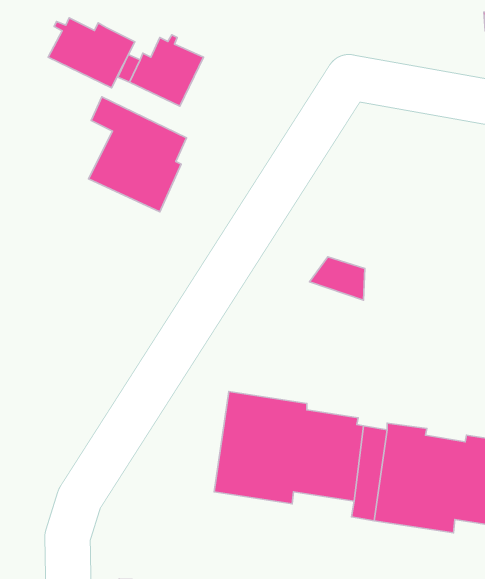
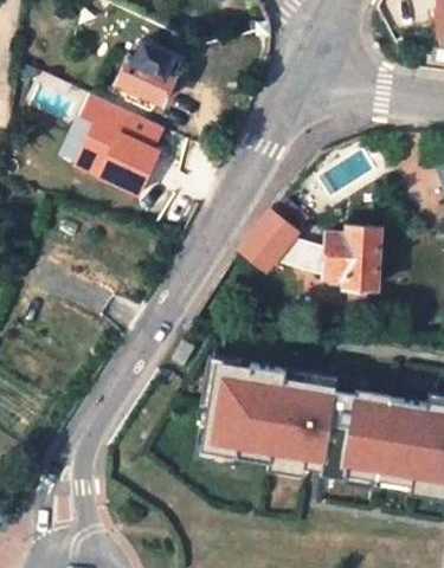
building: [48,18,135,88] -> none
building: none -> [242,198,313,273]
building: none -> [328,227,380,290]

